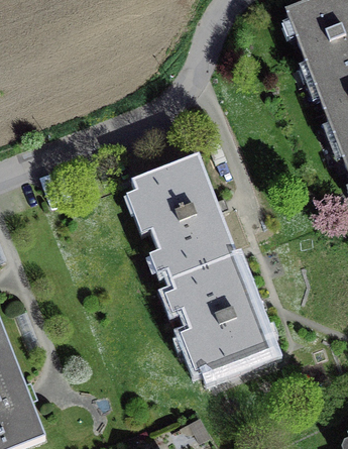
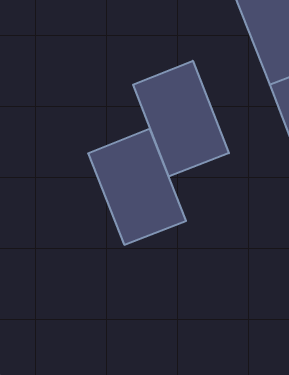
building: none -> [133,61,229,176]
building: [169,253,274,378] -> none

